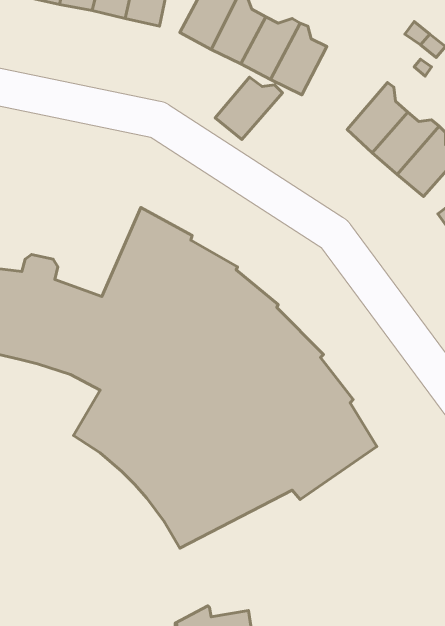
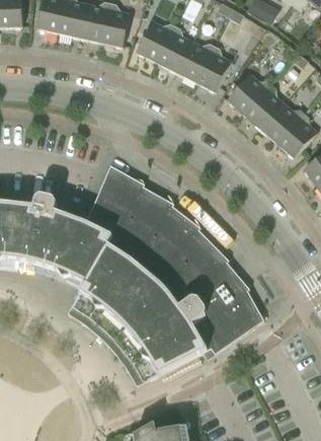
building: [215,77,282,140] -> [227,74,270,115]

